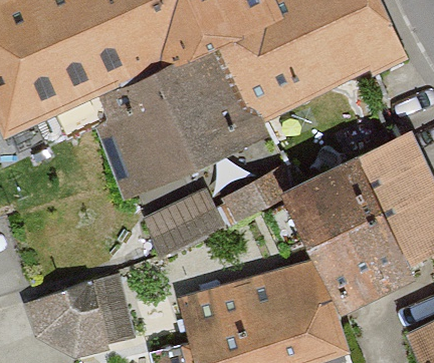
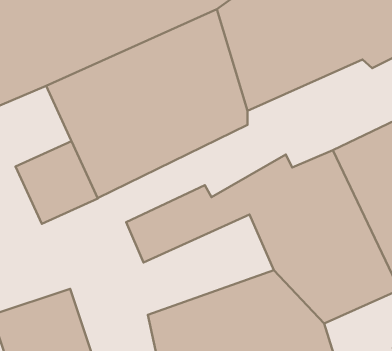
building: none -> [16,141,98,224]

